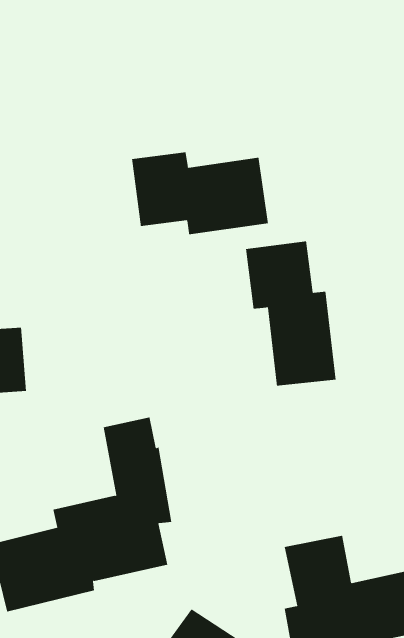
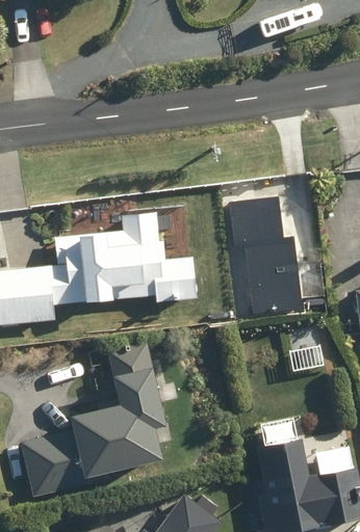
building: [132,152,268,235] -> none
building: none -> [50,214,191,304]

